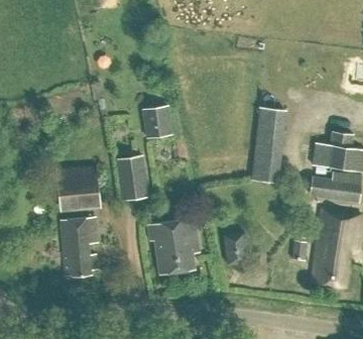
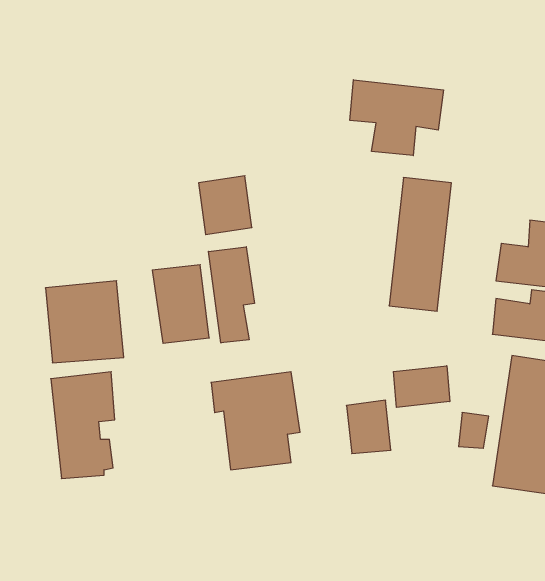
building: none -> [350,80,443,156]
building: none -> [208,247,254,343]
building: none -> [393,366,450,407]

